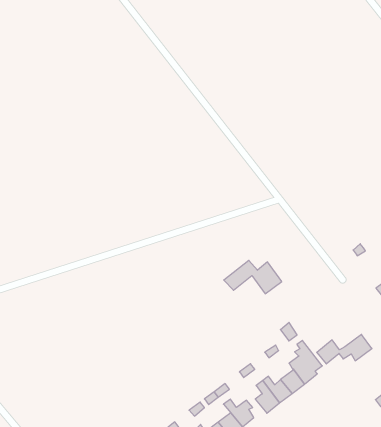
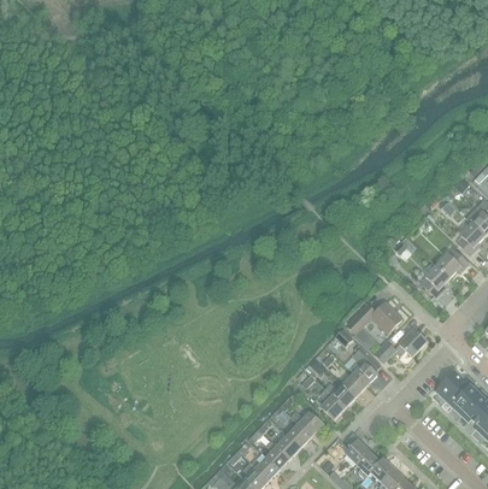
building: [224,260,282,294] -> [345,301,401,334]

